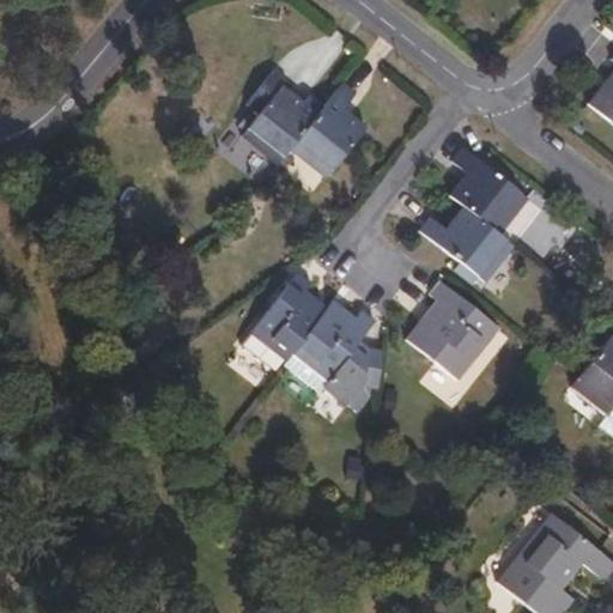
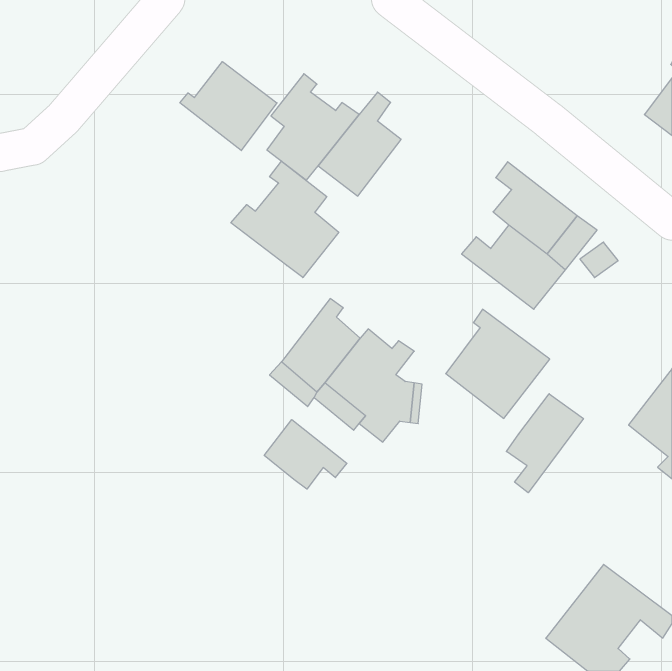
building: none -> [180,62,277,151]
building: none -> [231,161,339,278]
building: none -> [506,394,583,493]
building: none -> [264,420,347,489]

